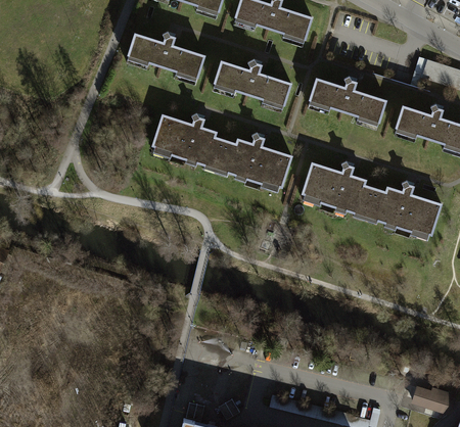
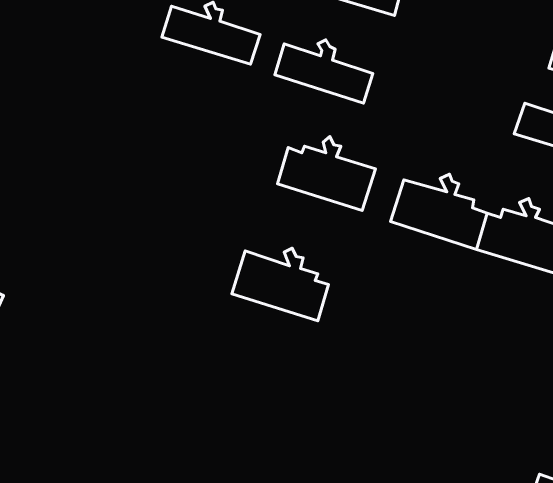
building: [310,77,387,126] -> none
building: [151,113,225,169] -> [232,248,329,321]

